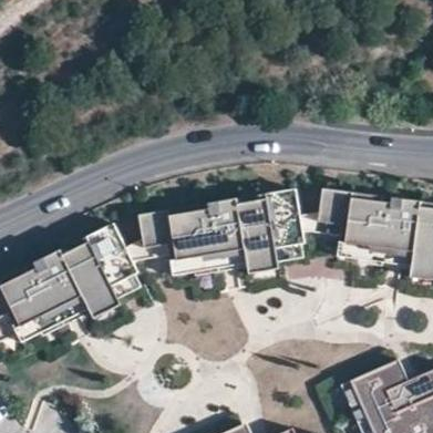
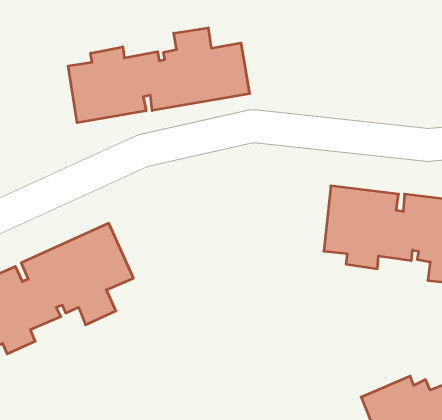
building: none -> [68,28,250,123]
building: [135,190,305,286] -> none

